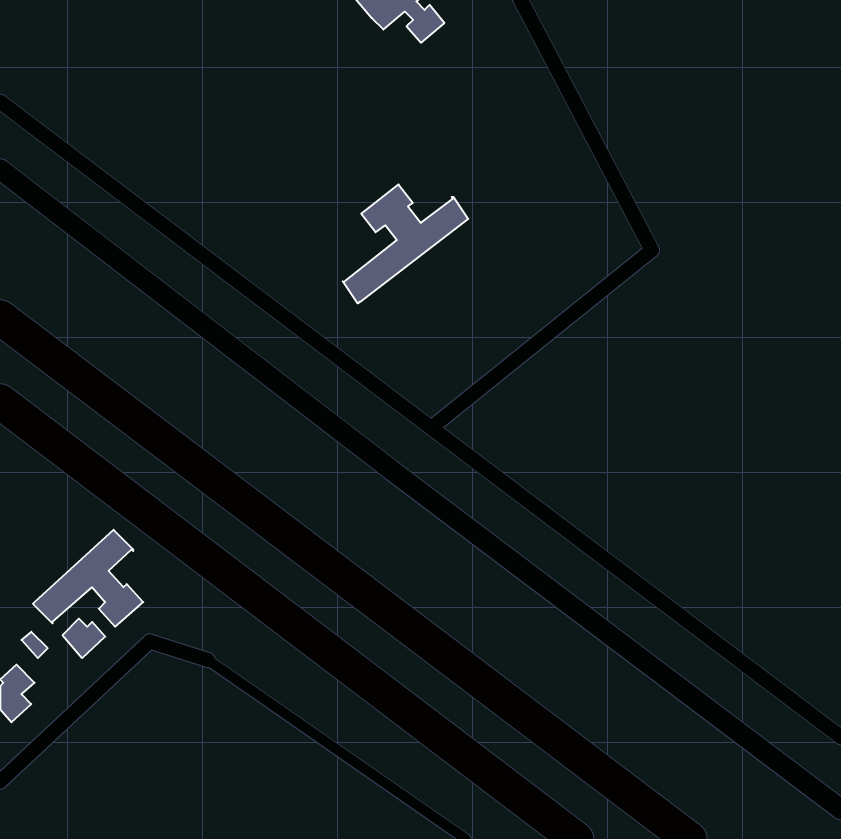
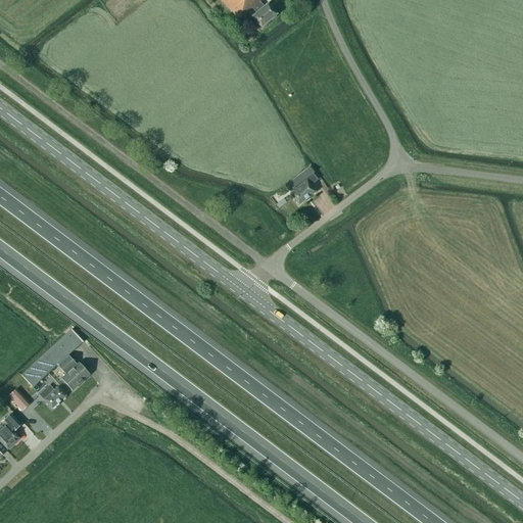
building: [343,184,468,303] -> none
building: none -> [288,167,318,204]

